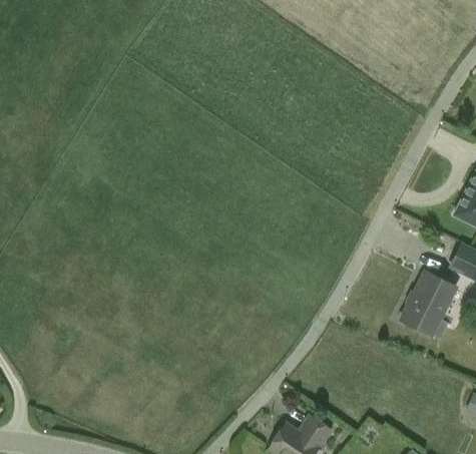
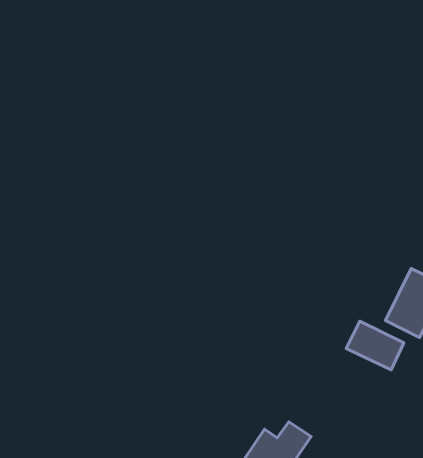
building: none -> [346,321,404,370]

